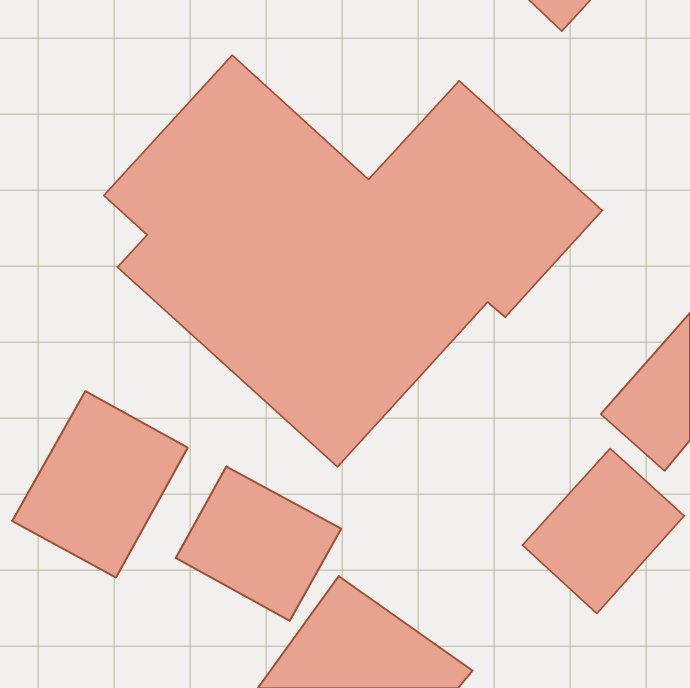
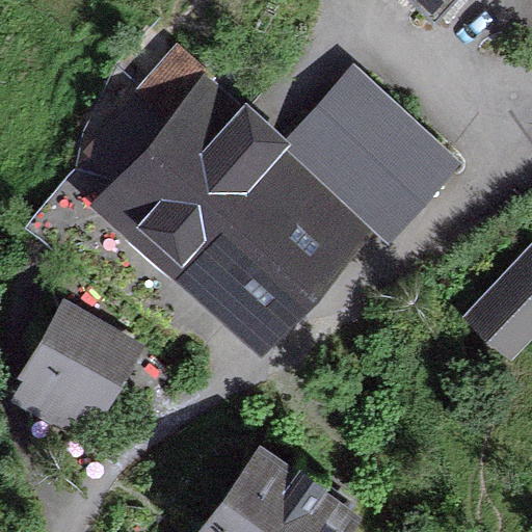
building: [522,449,684,613] -> none
building: [176,466,341,621] -> none

